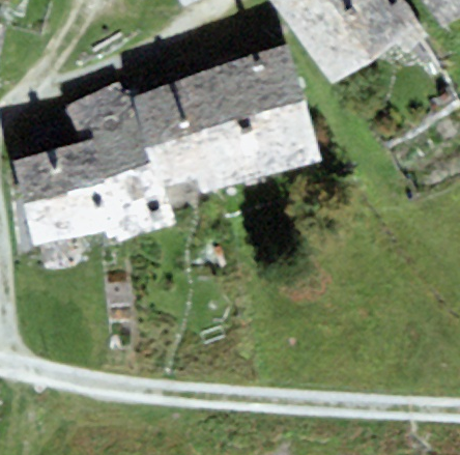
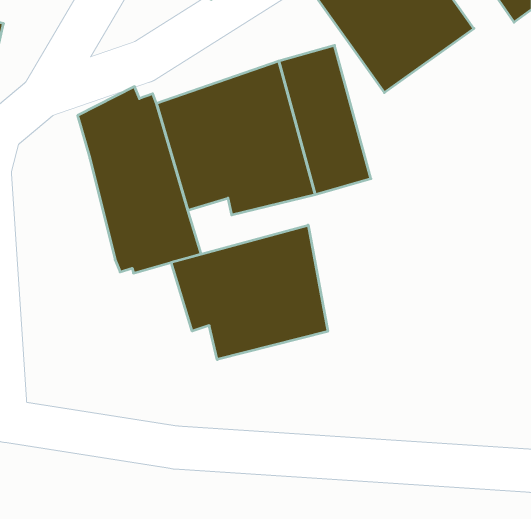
building: [10,142,100,247] -> none
building: none -> [171,225,328,360]

